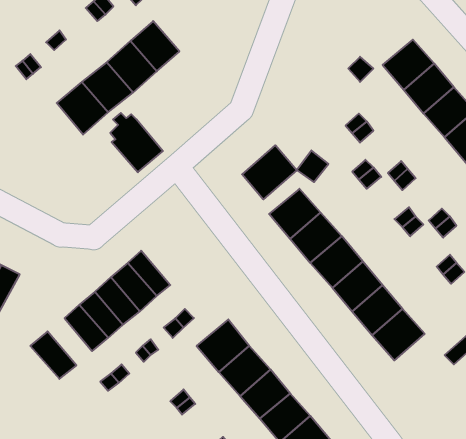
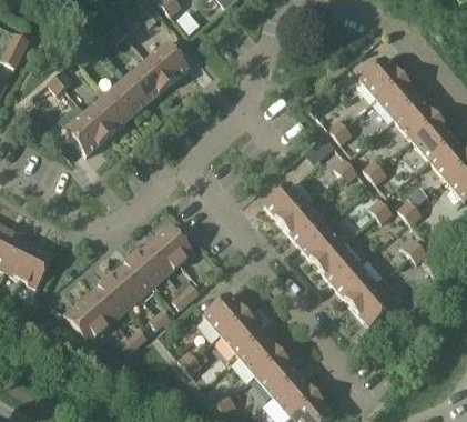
building: [110,113,163,172] -> [63,104,108,154]
building: [242,145,297,199] -> none
building: none -> [156,223,194,263]
building: none -> [78,291,115,331]

